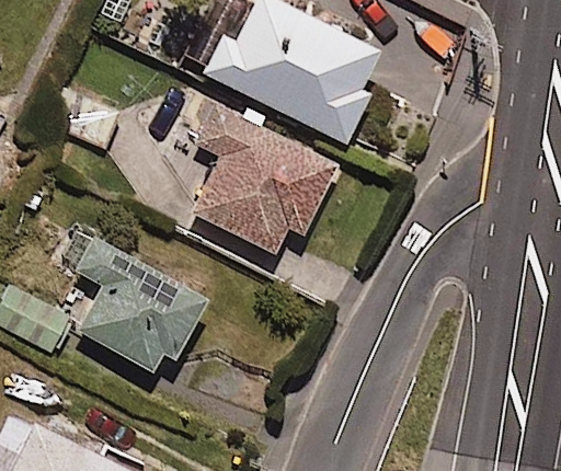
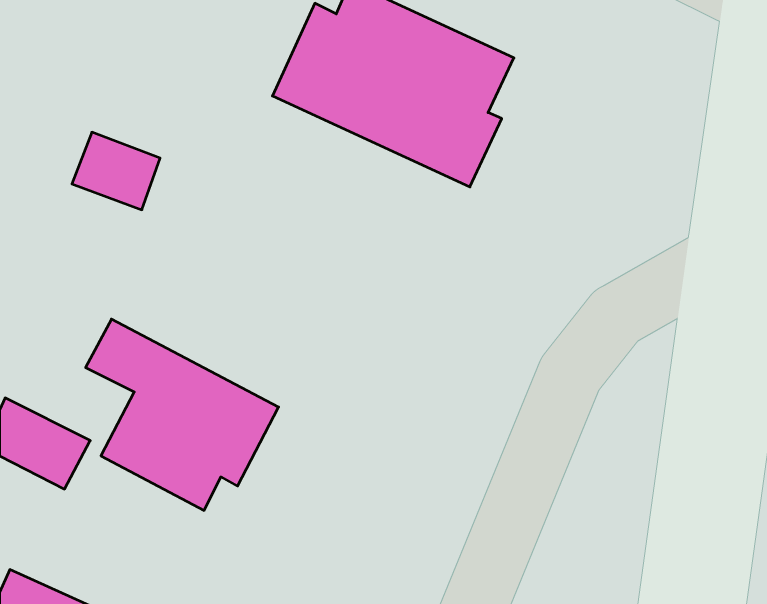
building: [193,105,336,254] -> none

